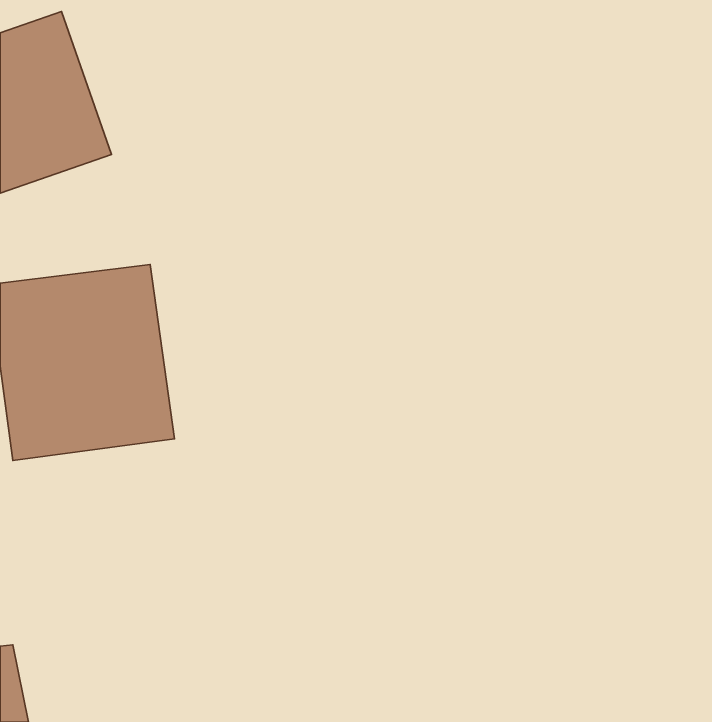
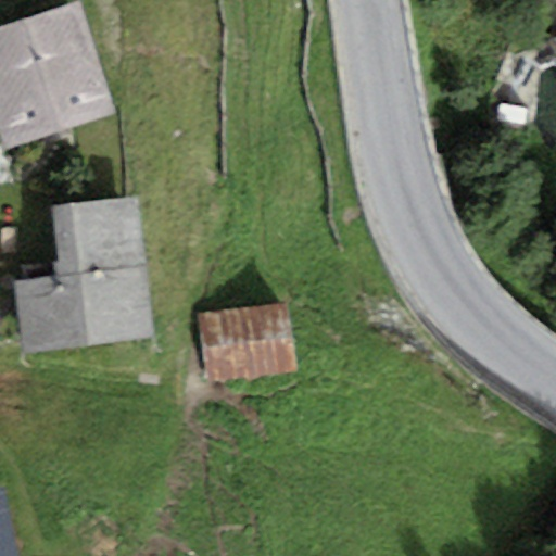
building: none -> [208,299,303,383]

